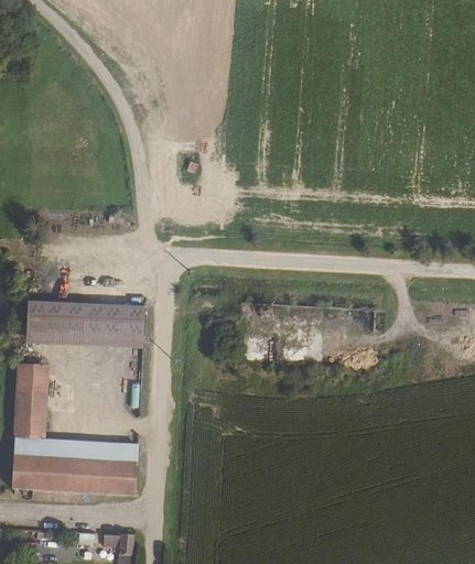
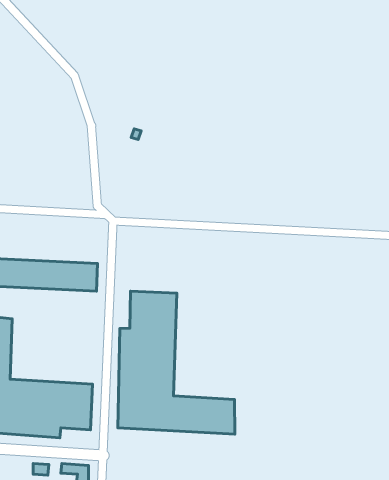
building: none -> [118,291,235,434]

